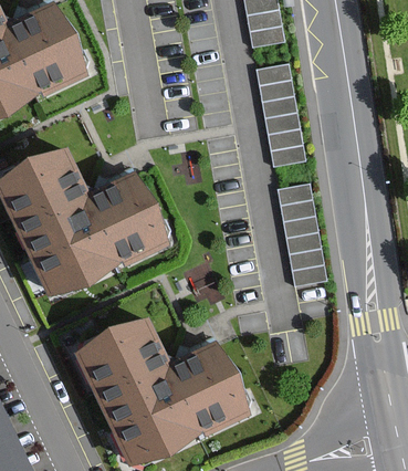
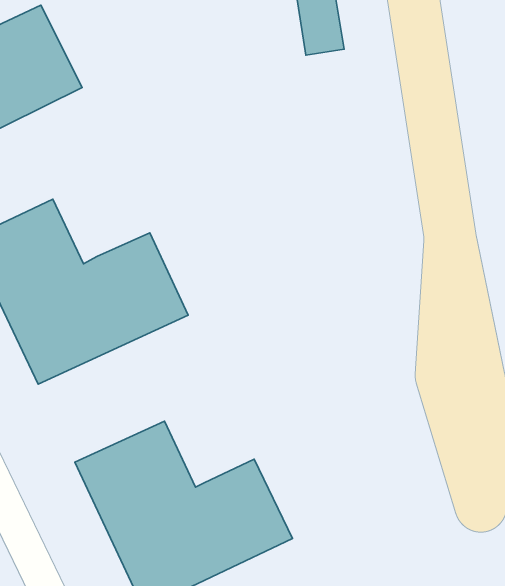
building: [259,65,302,164] -> none
building: [280,186,323,284] -> none

